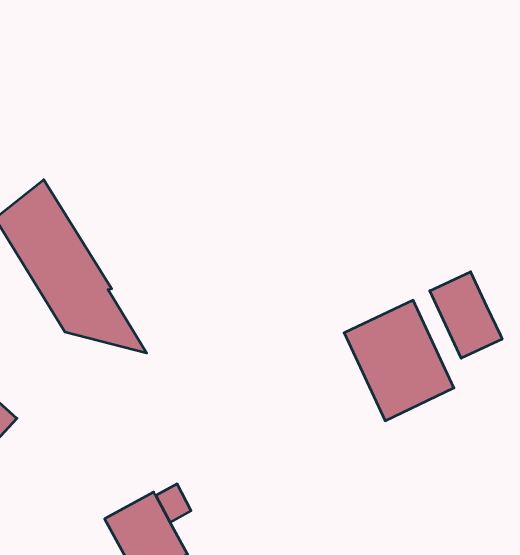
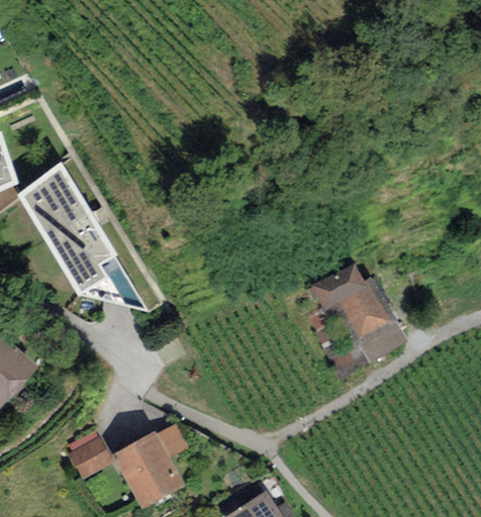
building: [430,272,502,358] -> none
building: none -> [68,434,112,476]

